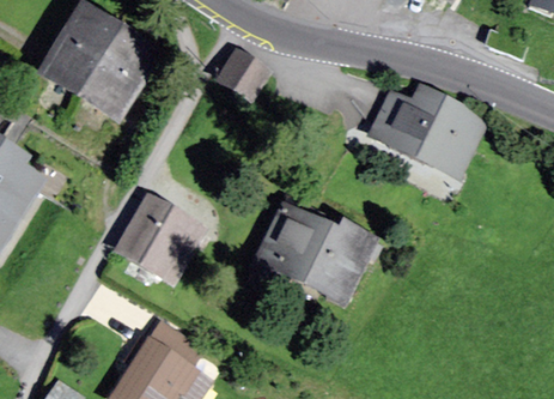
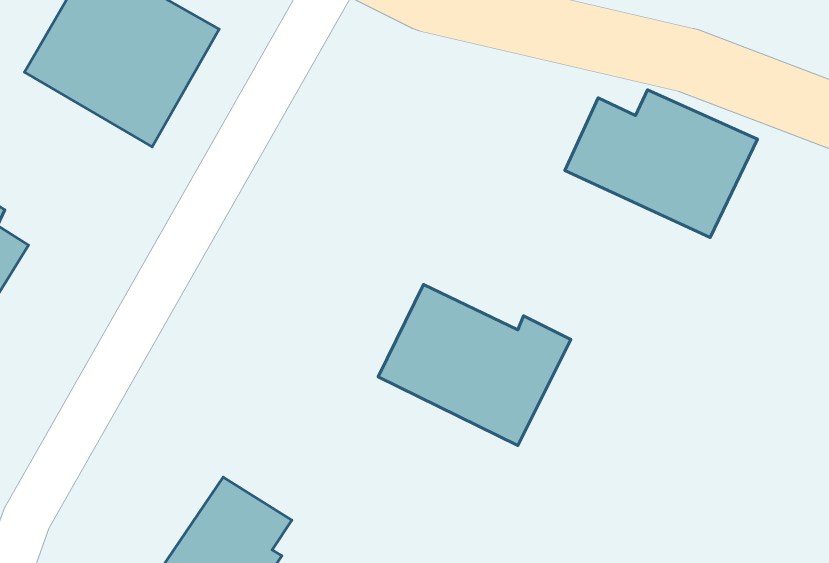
building: [217,47,270,101] -> none
building: [116,195,199,278] -> none

